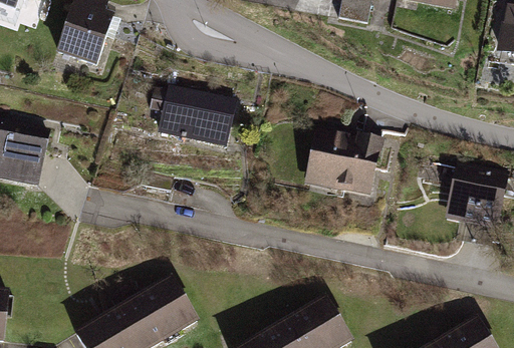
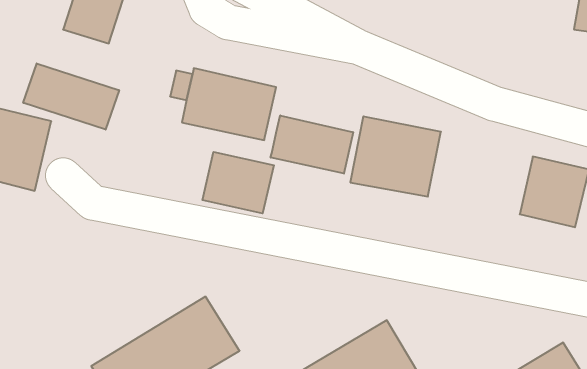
building: none -> [23,63,119,130]
building: none -> [271,115,353,174]
building: none -> [202,152,274,213]

